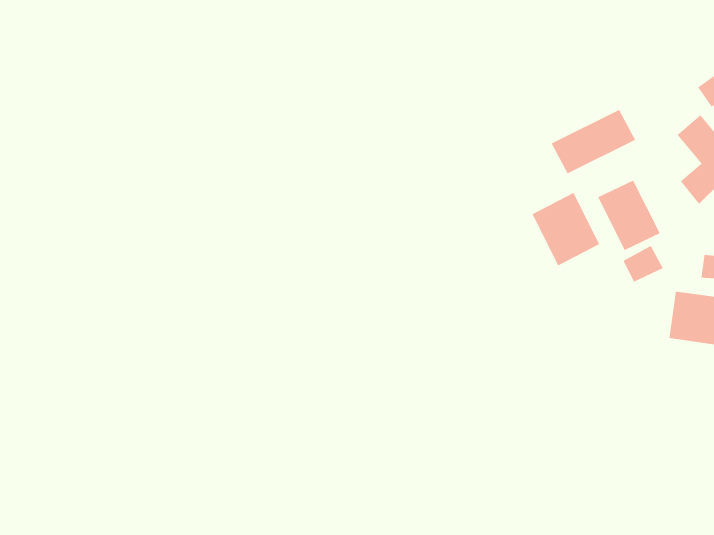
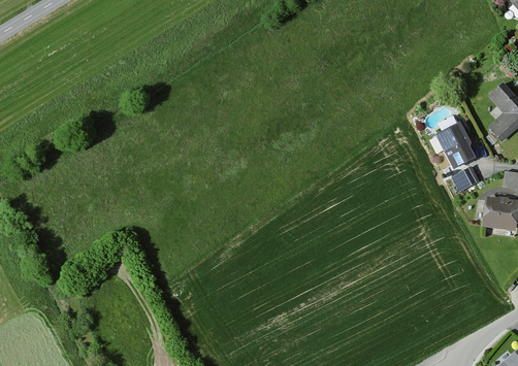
building: [551,109,636,175] -> none
building: [531,192,600,267] -> none

